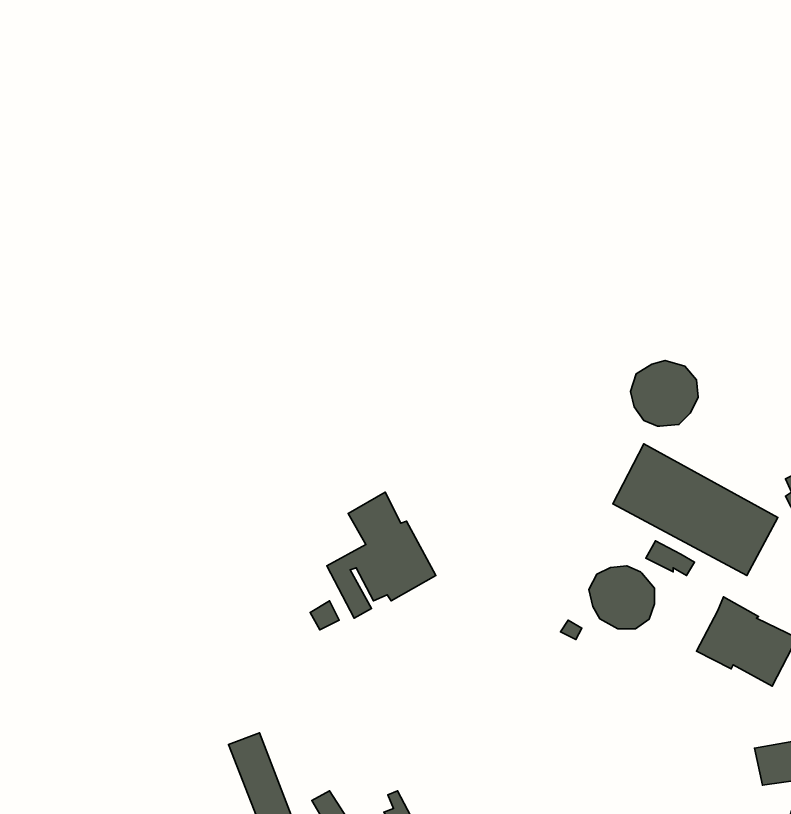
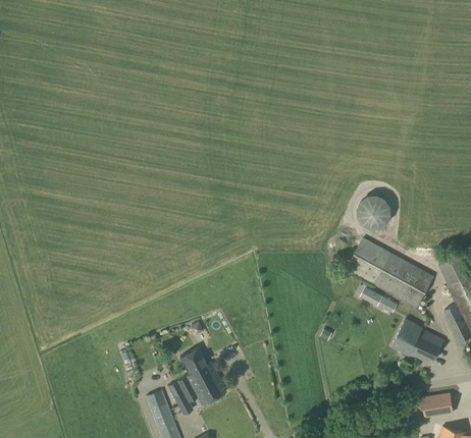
building: [327,492,436,618] -> [169,347,226,414]
building: [589,566,654,629] -> none

